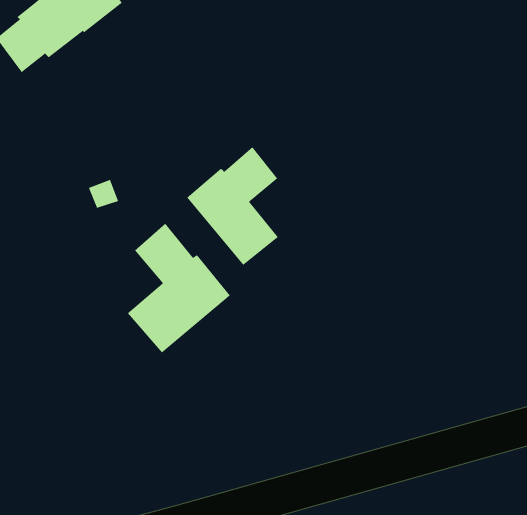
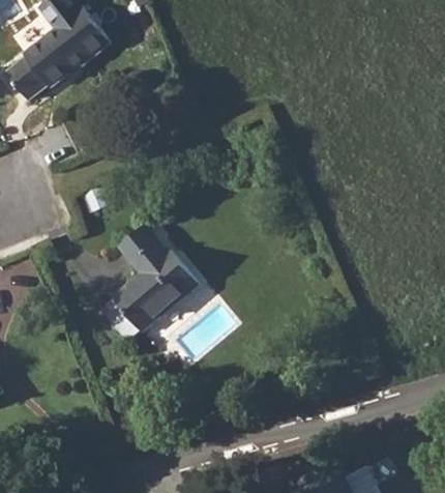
building: [186,146,279,266] -> none

